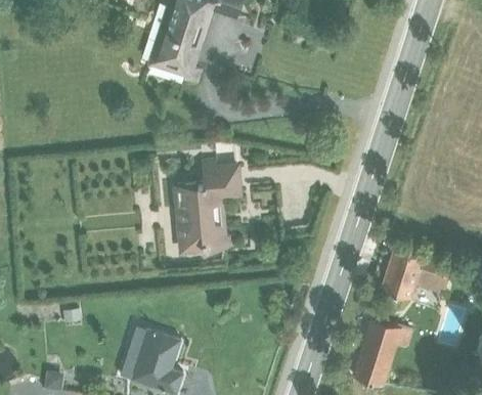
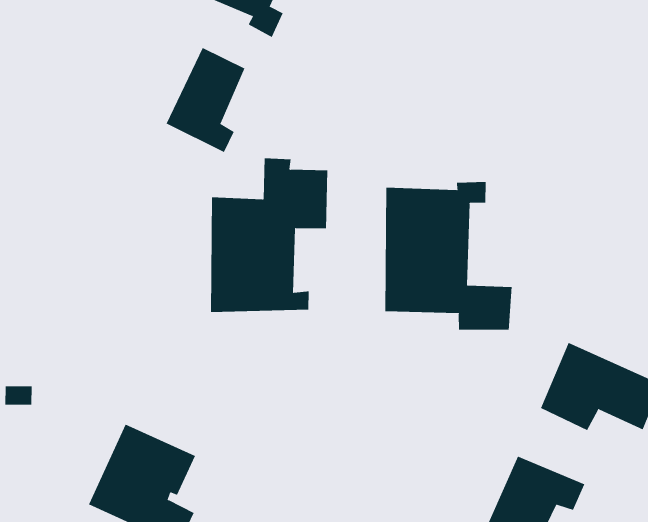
building: none -> [166,47,245,153]
building: none -> [385,181,512,331]

